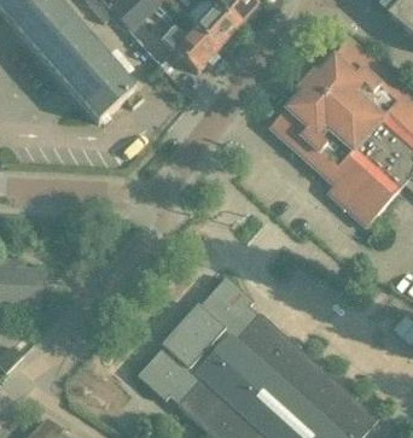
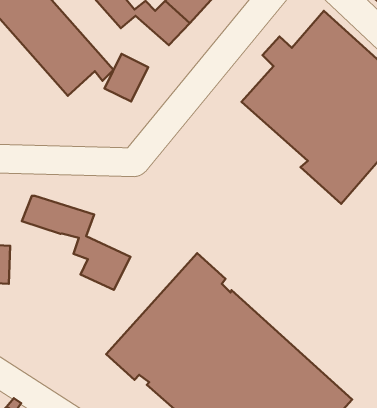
building: none -> [104,54,148,102]
building: none -> [22,196,130,290]

